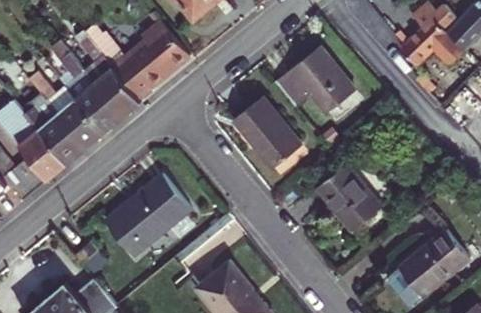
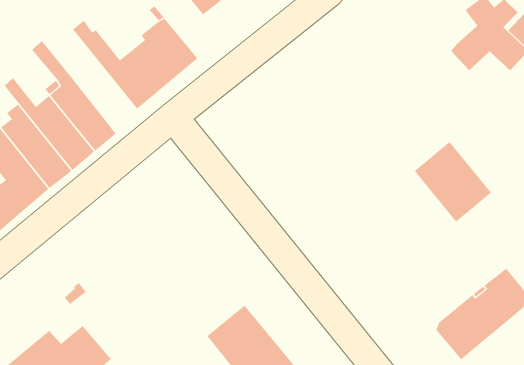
building: [76,29,142,118] -> none
building: [276,46,355,113] -> none
building: [234,96,302,168] -> none
building: [317,163,382,231] -> [414,141,492,223]
building: [105,173,192,256] -> none

